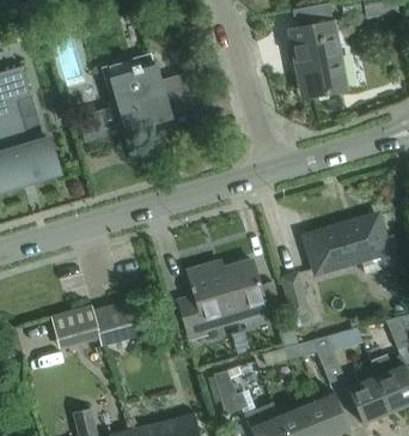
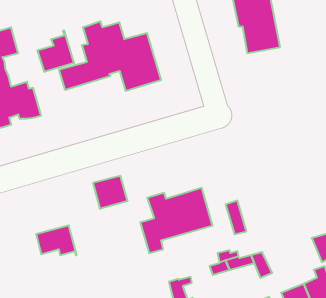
building: none -> [38,30,74,72]
building: [306,216,390,273] -> none
building: [94,302,136,341] -> [93,176,128,209]

